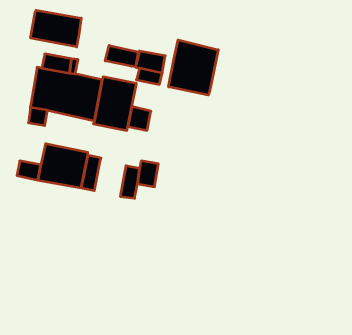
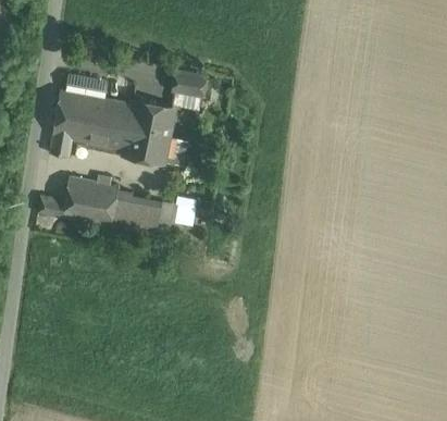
building: [31,10,81,47] -> none
building: [169,40,218,95] -> none
building: [105,45,138,67] -> none
building: none -> [125,196,161,236]

